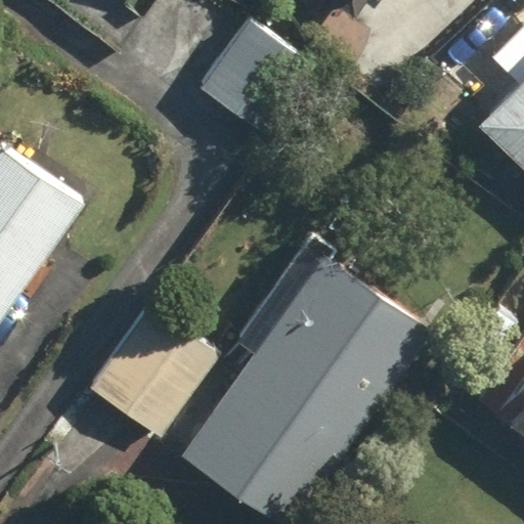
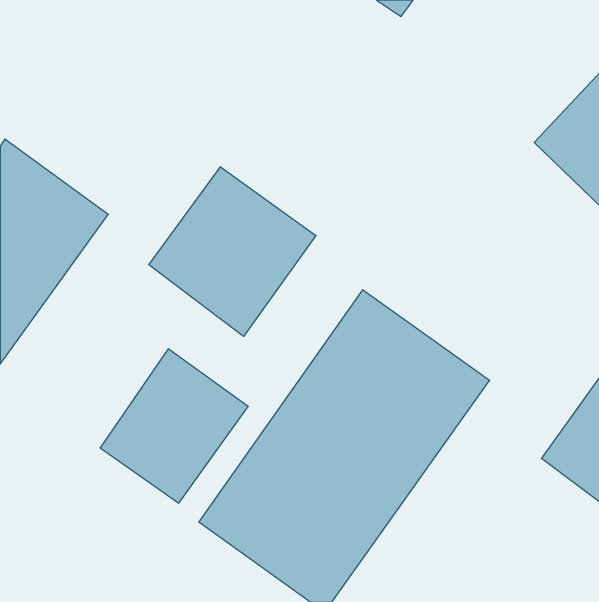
building: [196,20,311,136] -> none
building: none -> [149,167,316,336]

